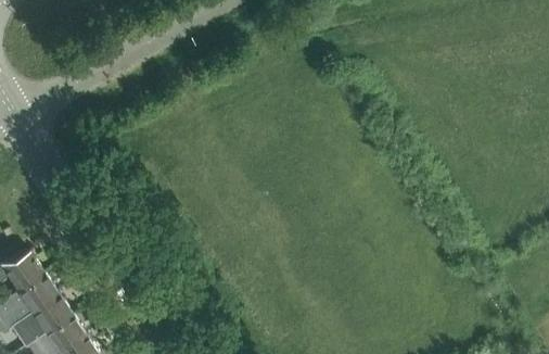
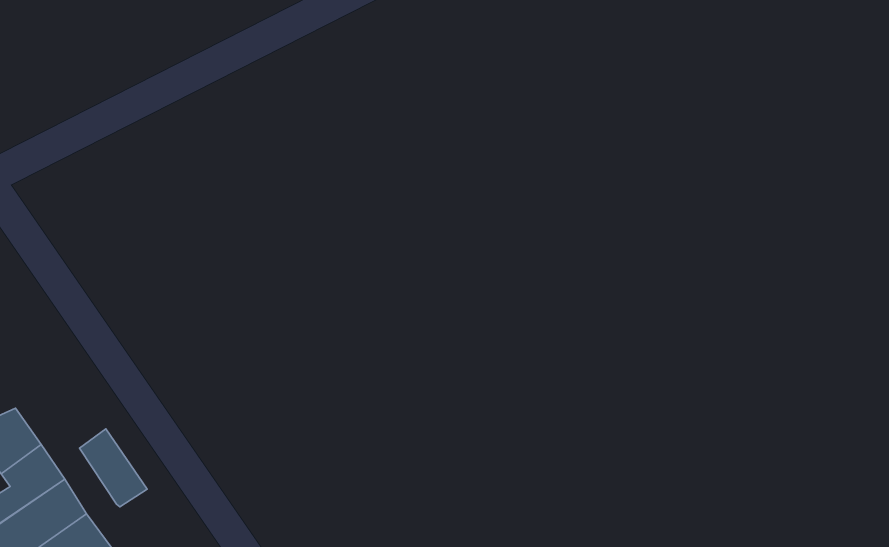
building: none -> [79,429,147,507]

